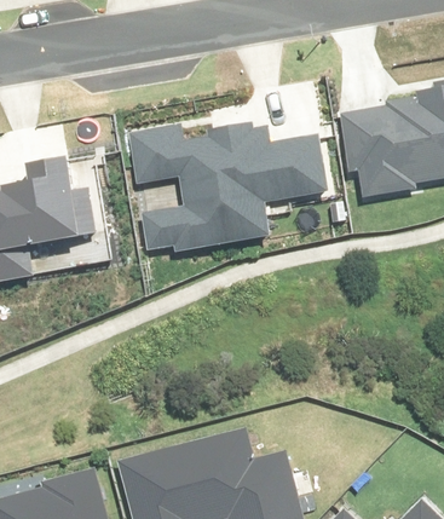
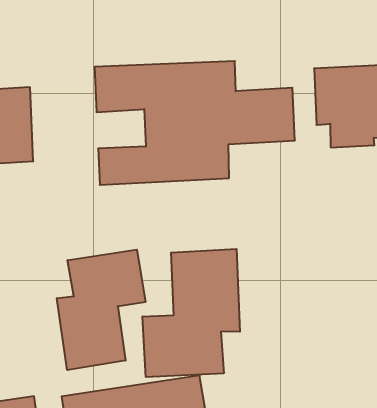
building: none -> [143,249,240,377]
building: none -> [57,250,145,370]

